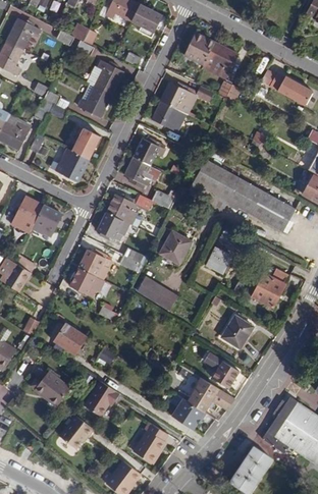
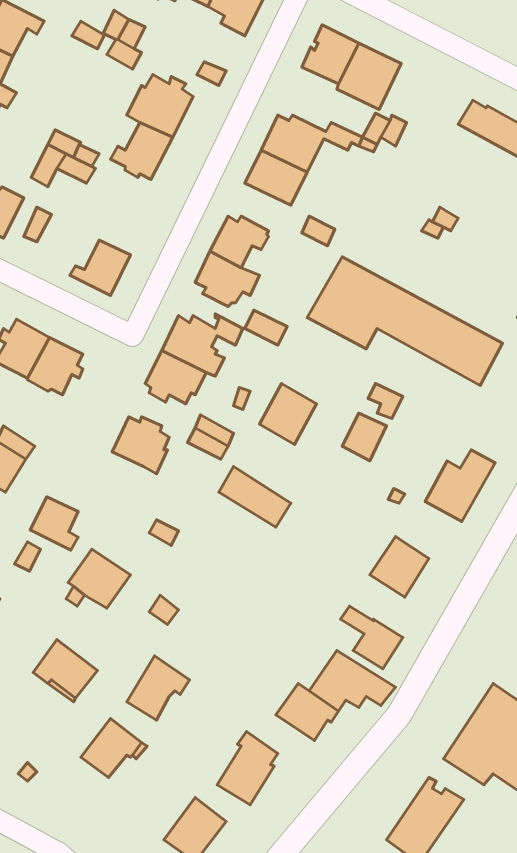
building: [70,124,100,159] -> none
building: [68,268,95,297] -> [30,497,78,550]

